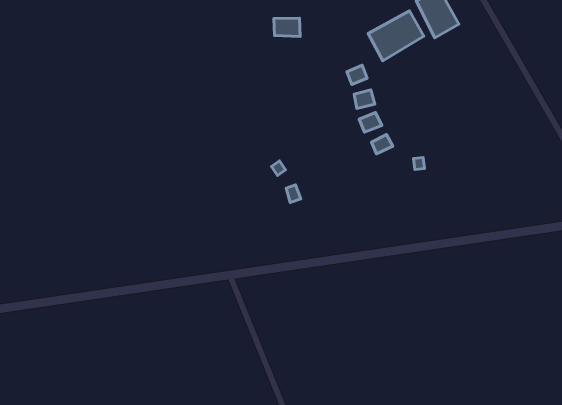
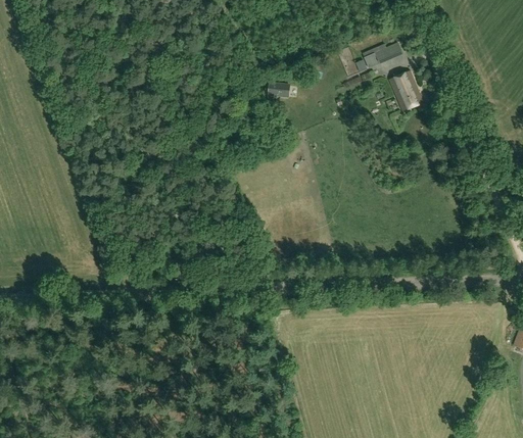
building: [368,11,424,61] -> none

